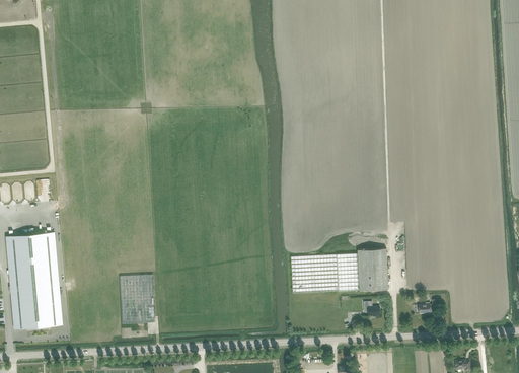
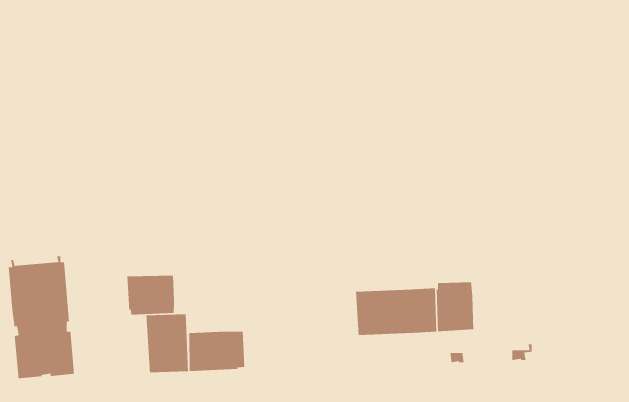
building: none -> [127,275,175,315]
building: none -> [189,331,245,372]

